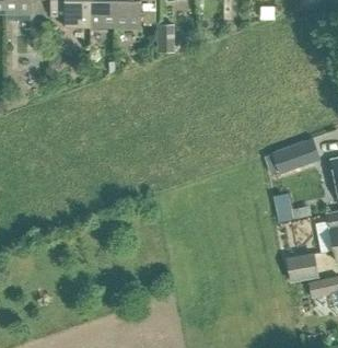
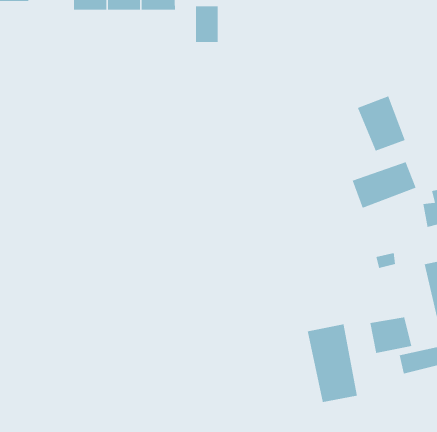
building: none -> [357,95,406,152]
building: none -> [307,324,358,403]

